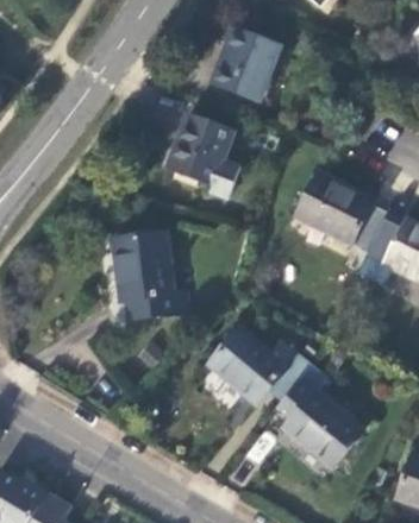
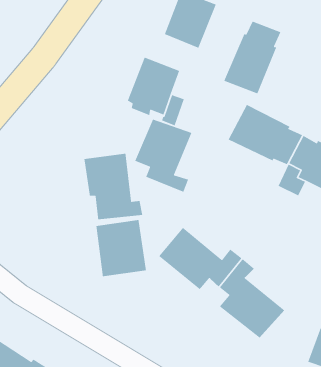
building: none -> [223,21,281,95]
building: none -> [134,118,192,193]
building: none -> [95,219,147,277]

